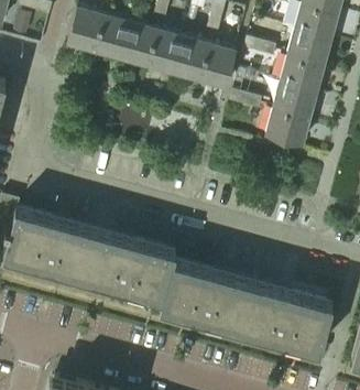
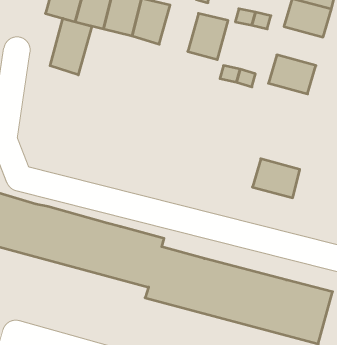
building: [172,36,208,79] -> none
building: none -> [50,18,92,75]
building: [281,56,324,93] -> none
building: [265,109,309,145] -> [252,159,300,198]

